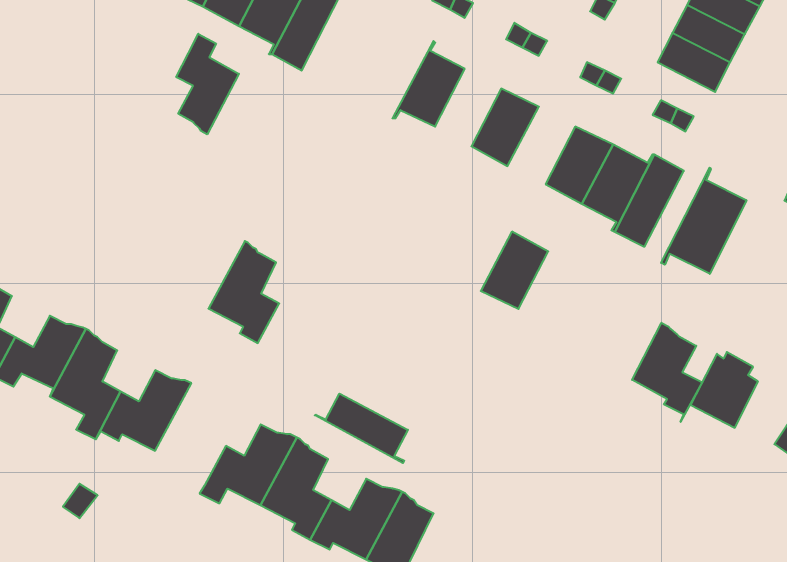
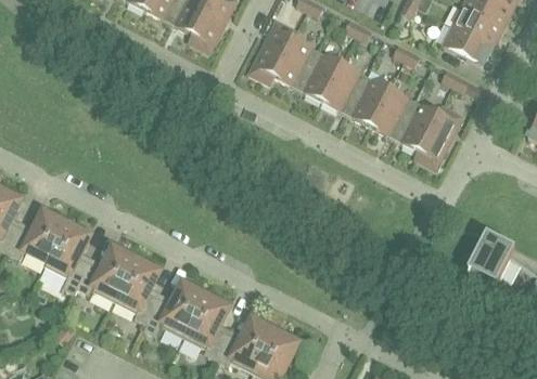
building: none -> [250,19,296,81]
building: [176,34,239,134] -> none
building: none -> [297,49,341,100]
building: [661,168,746,274] -> none
building: [481,232,548,309] -> [345,74,389,125]
building: [208,241,279,343] -> [113,256,159,323]
building: [632,323,702,422] -> none
building: [315,394,408,463] -> none

